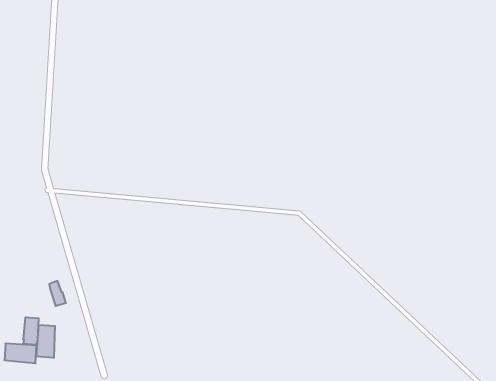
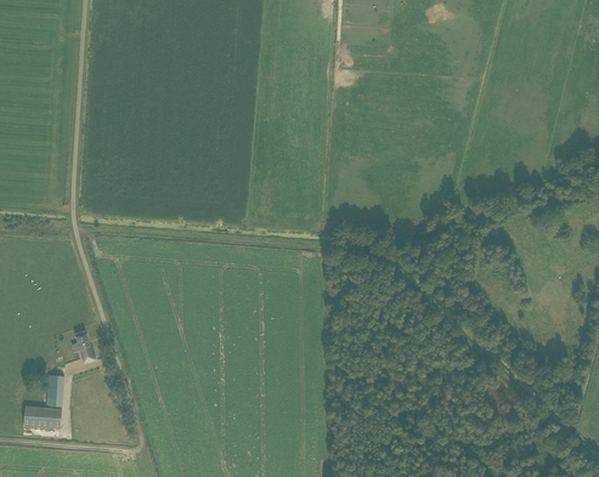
building: [37,325,55,358] -> none

